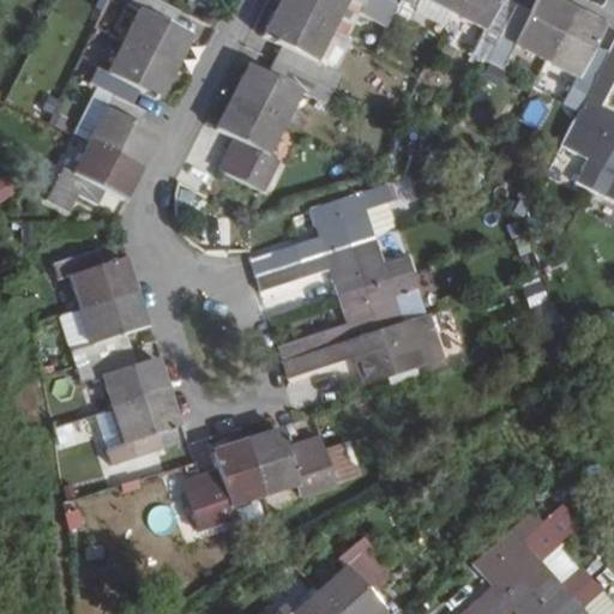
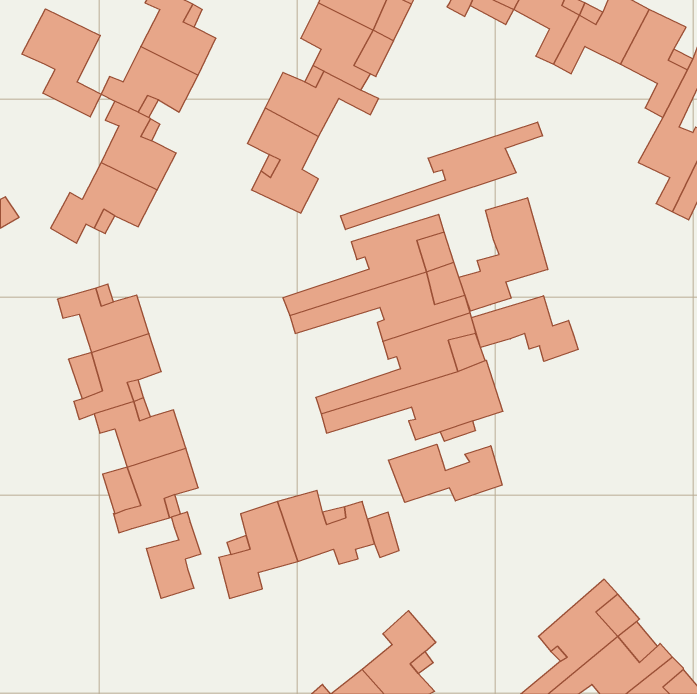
building: none -> [22,9,101,117]
building: none -> [341,122,543,230]
building: none -> [459,198,548,311]
building: none -> [471,296,578,361]
building: none -> [388,444,502,502]
building: none -> [146,512,201,598]

